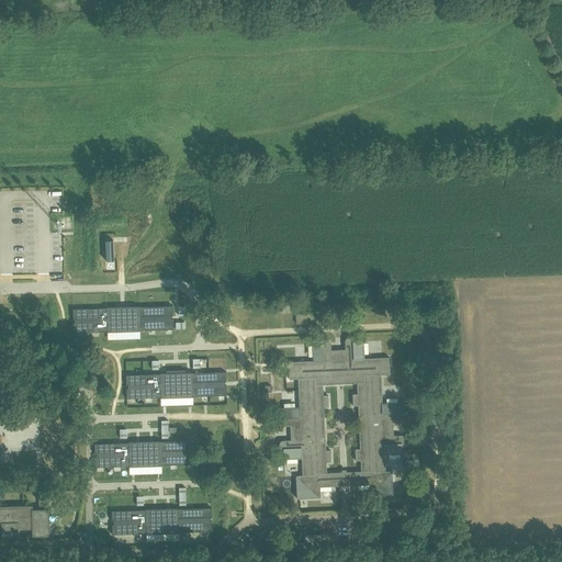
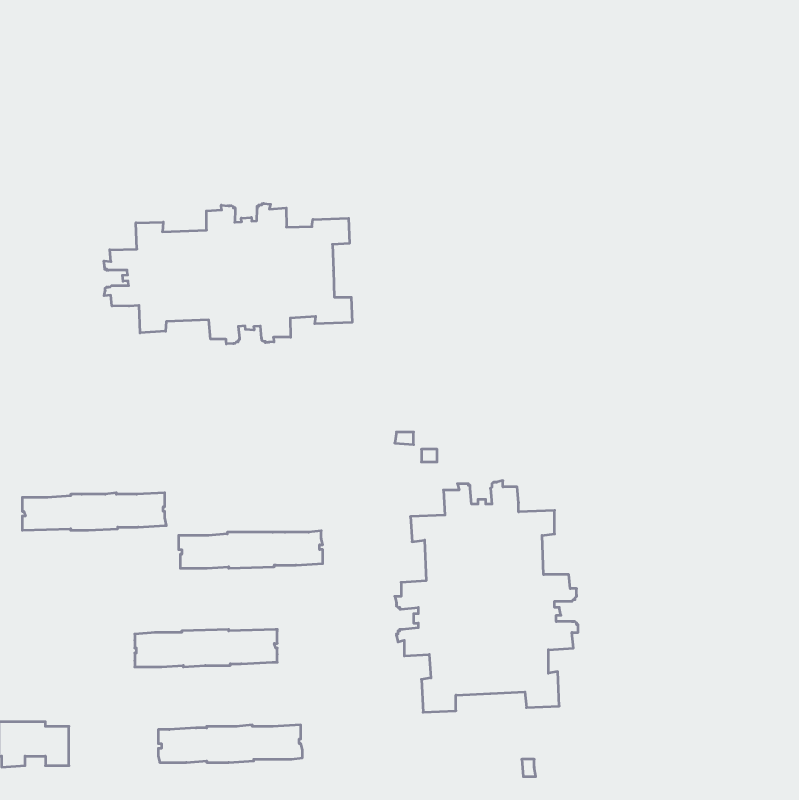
building: none -> [104,203,352,344]
building: [72,306,173,333] -> [22,493,166,530]

